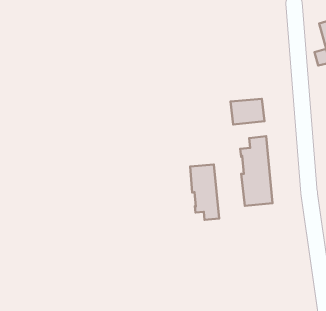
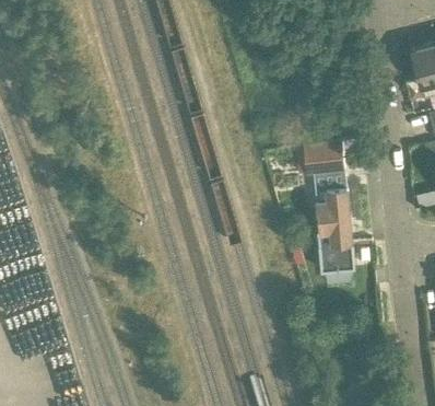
building: [190,164,219,220] -> none

